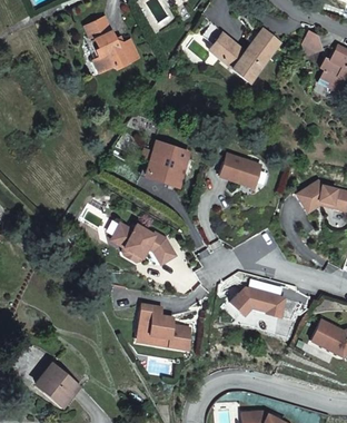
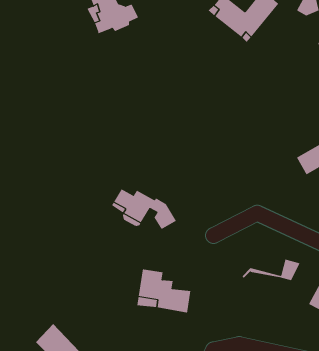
building: [145,142,190,187] -> none
building: [220,156,264,187] -> none
building: [231,288,286,314] -> none

